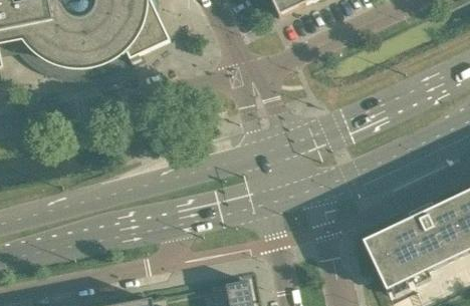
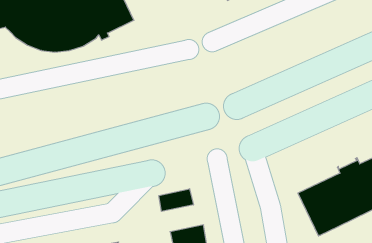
building: none -> [159,189,193,211]

